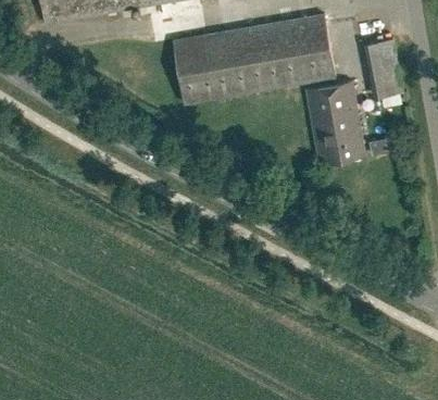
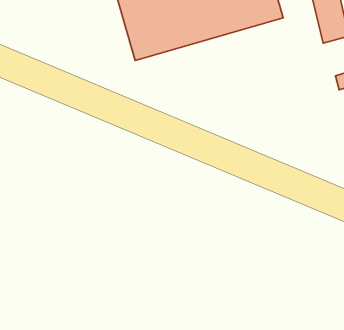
building: [305,79,364,162] -> none

